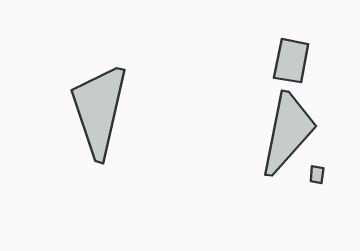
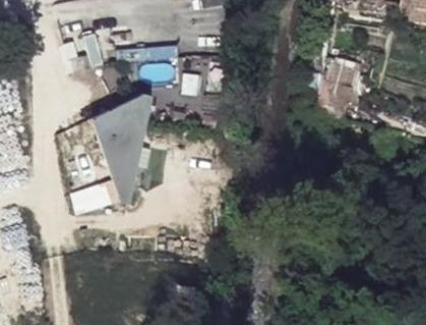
building: [265,90,316,176] -> none

